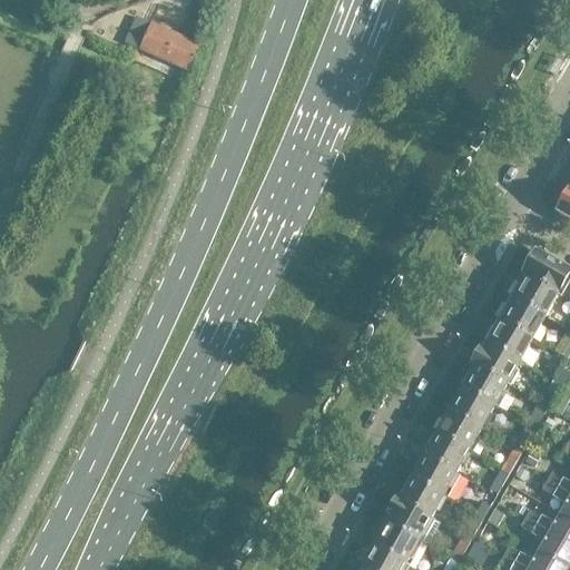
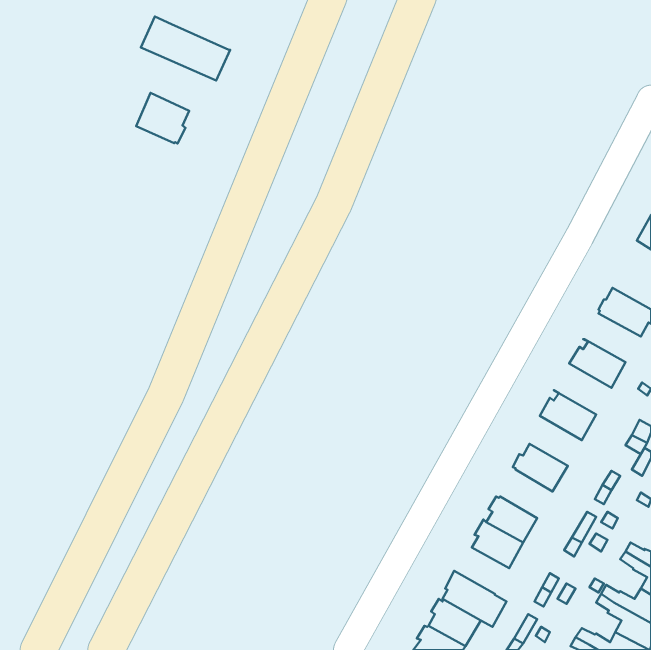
building: none -> [136,93,189,143]
building: [509,273,558,315] -> none
building: [482,316,532,361] -> none
building: [459,362,507,405] -> none
building: [433,409,481,451] -> none
building: [399,476,443,517] -> none

